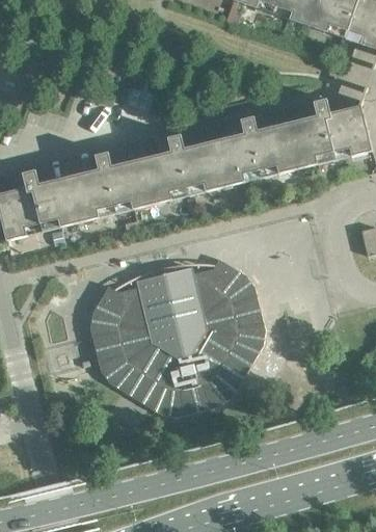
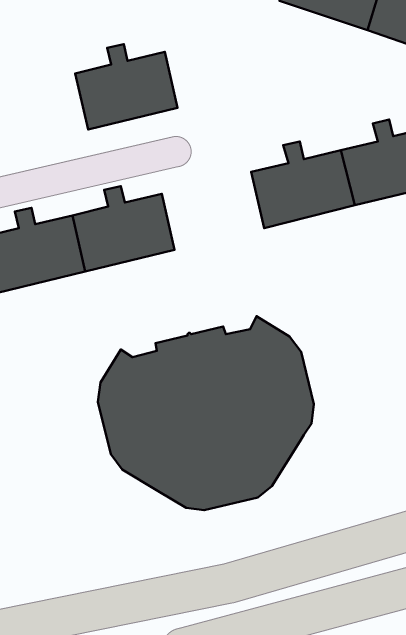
building: [141,134,224,204] -> [75,44,177,130]

